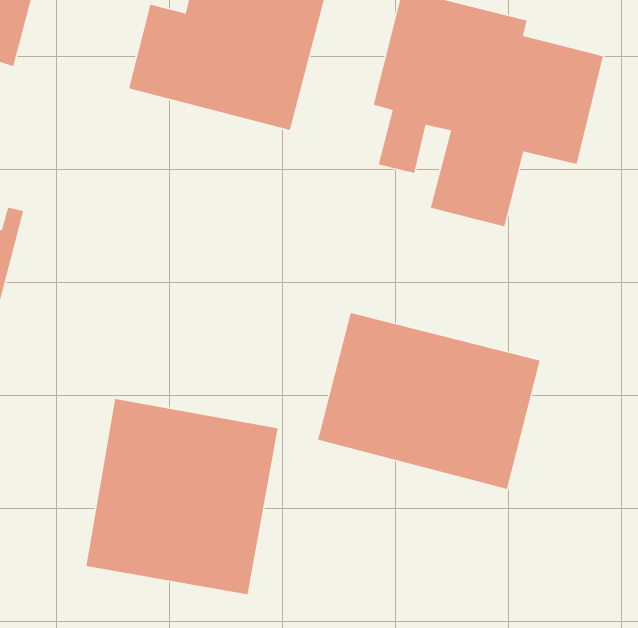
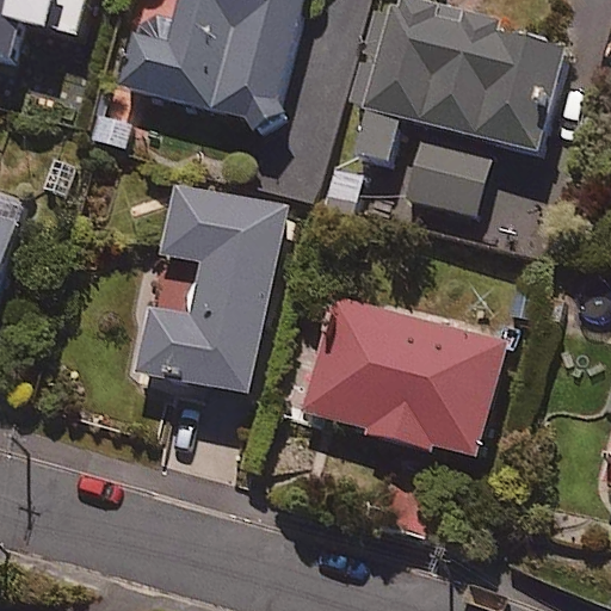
building: none -> [136,179,288,394]
building: [85,398,279,595] -> none

